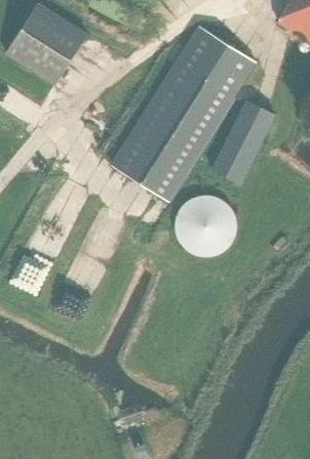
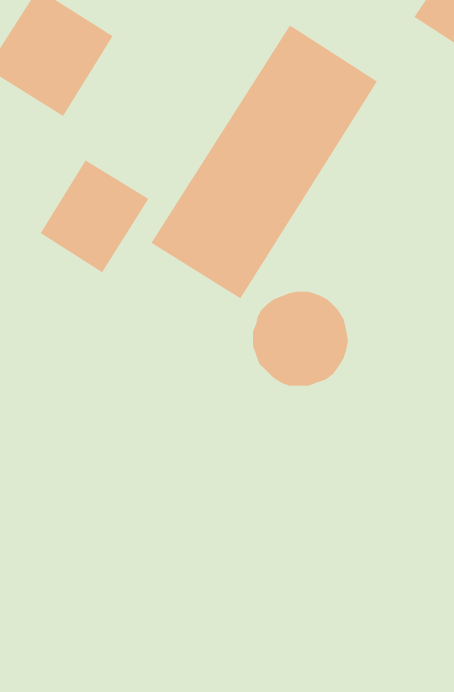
building: [211,98,276,183] -> none
building: none -> [40,160,149,273]

